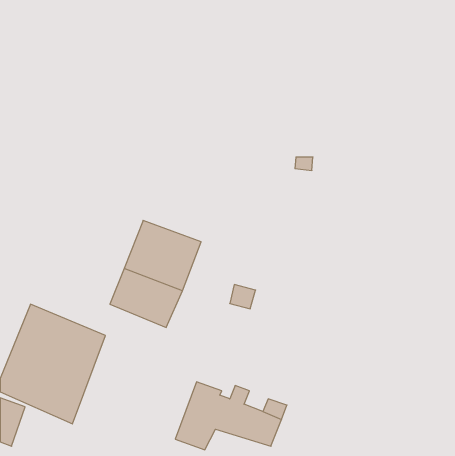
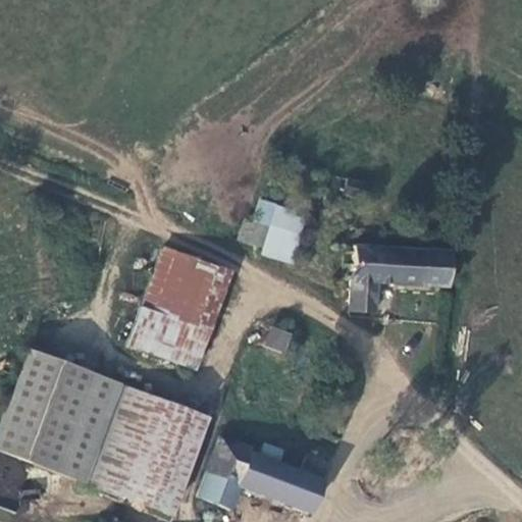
building: none -> [255,209,300,265]
building: none -> [351,242,451,310]
building: none -> [85,383,212,517]

